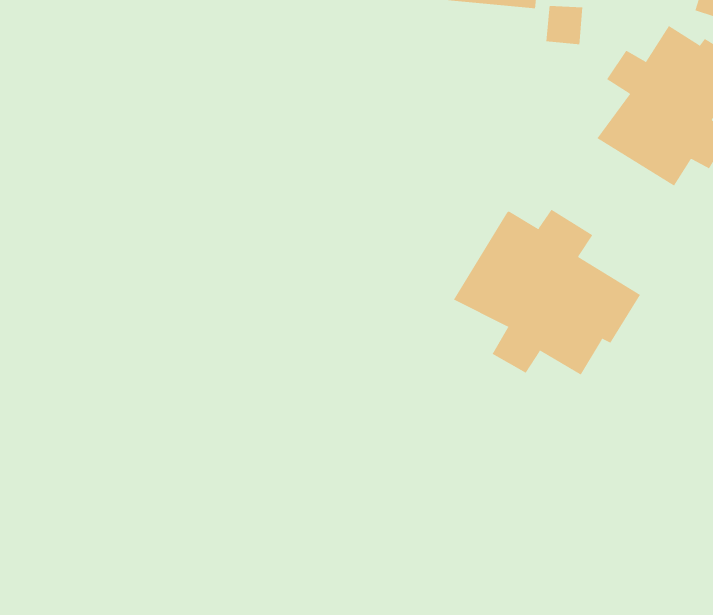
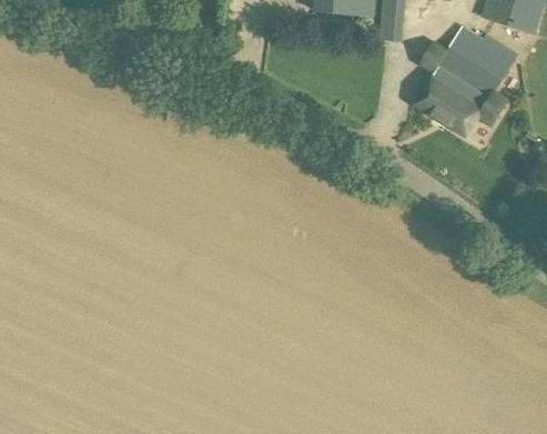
building: [453,209,641,376] -> none

